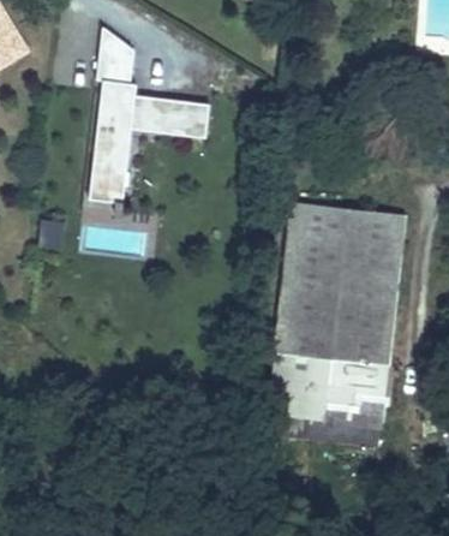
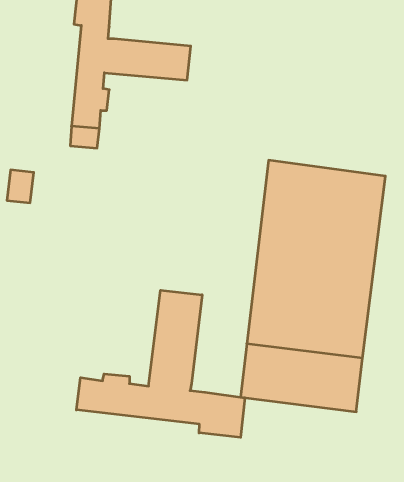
building: none -> [76,290,245,437]

